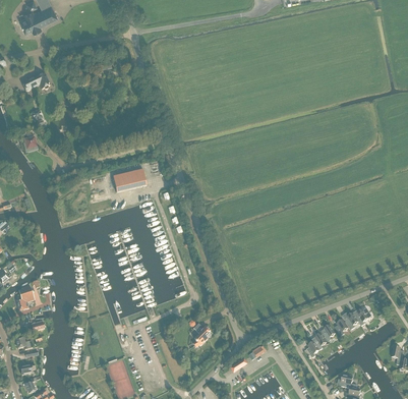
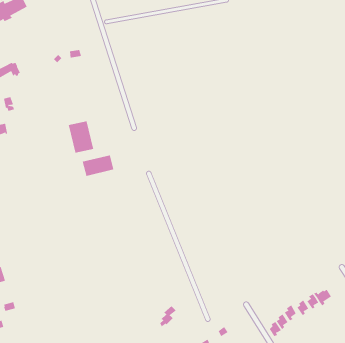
building: none -> [68,120,94,154]

